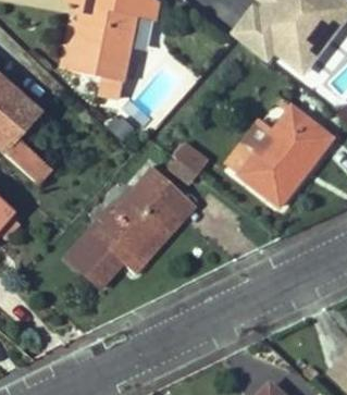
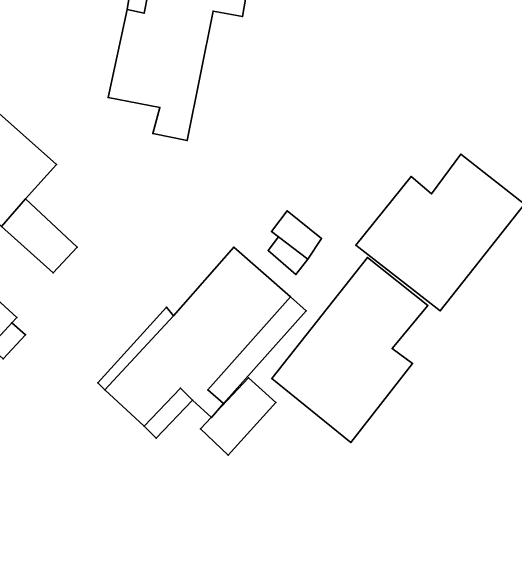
building: none -> [272,257,428,442]
building: none -> [201,378,276,455]

